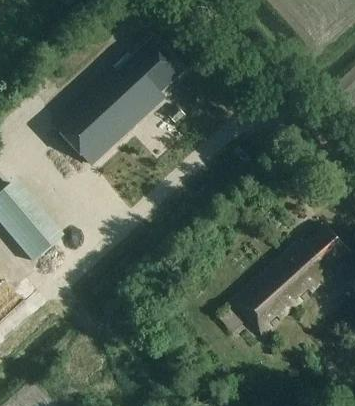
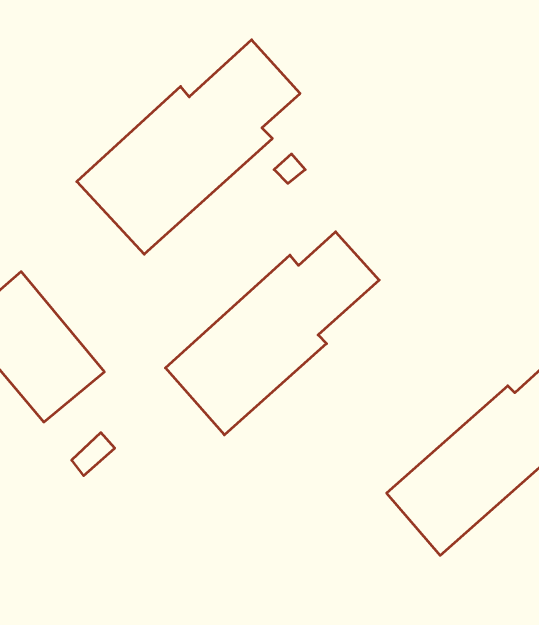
building: none -> [165,232,379,435]

